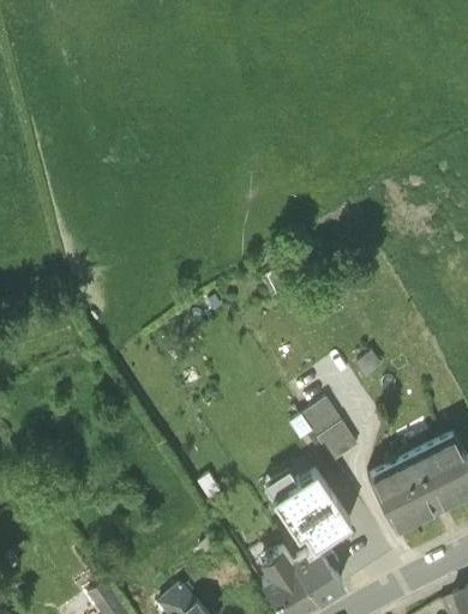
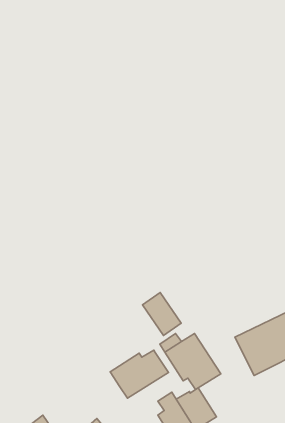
building: [302,402,355,460] -> [143,293,181,335]
building: none -> [110,350,168,398]

